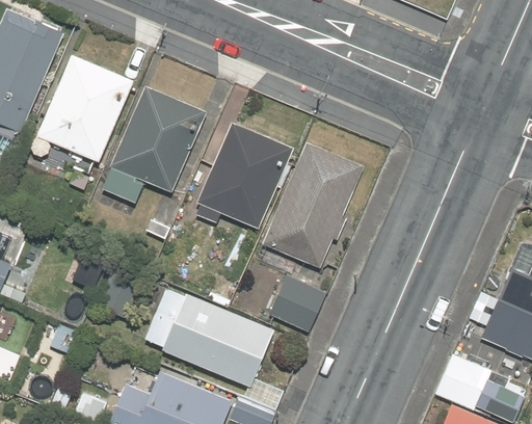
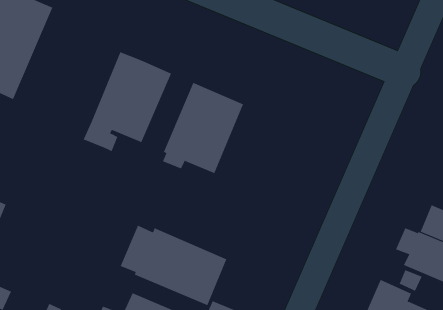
building: [35,53,133,163] -> none
building: [262,140,365,269] -> none
building: [268,273,329,336] -> none

